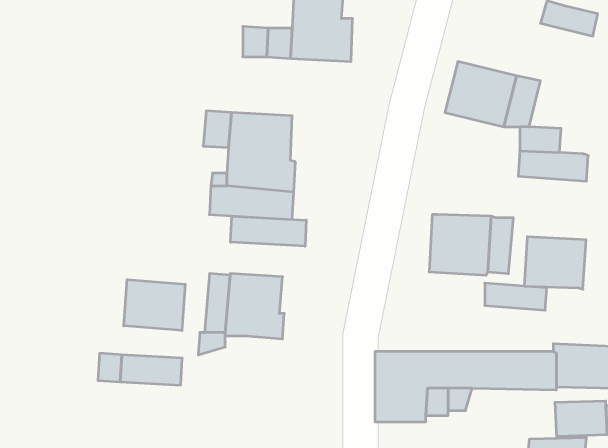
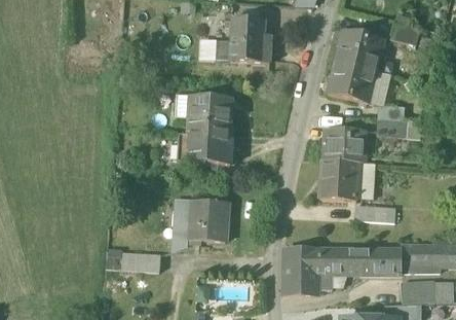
building: none -> [338,31,383,71]
building: [231,216,306,246] -> none
building: [524,237,586,289] -> [325,129,365,163]
building: [124,280,185,331] -> none

